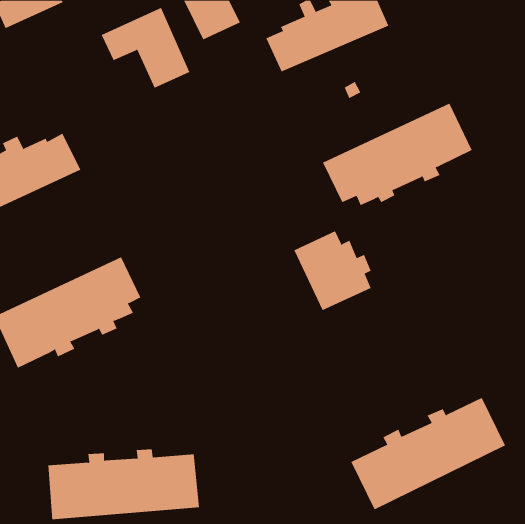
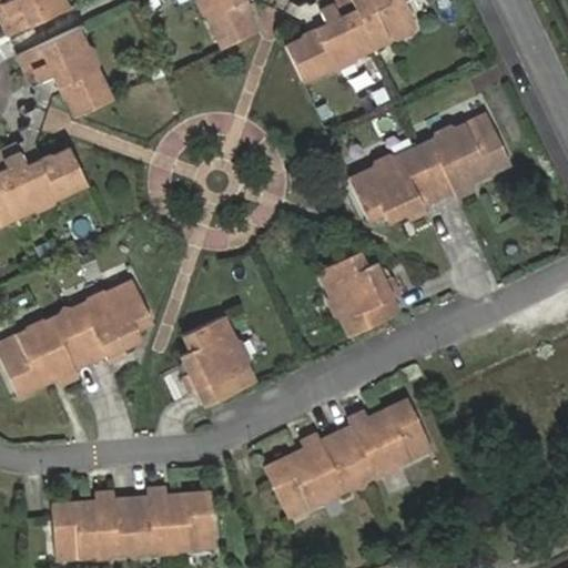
building: [101,7,190,88] -> [14,27,111,114]
building: none -> [180,316,255,406]
building: [350,397,506,510] -> [264,397,432,519]

